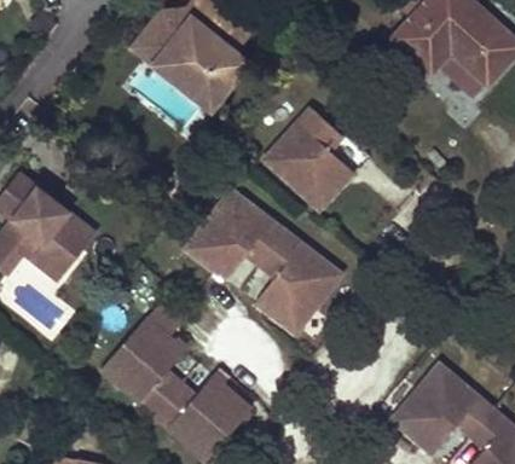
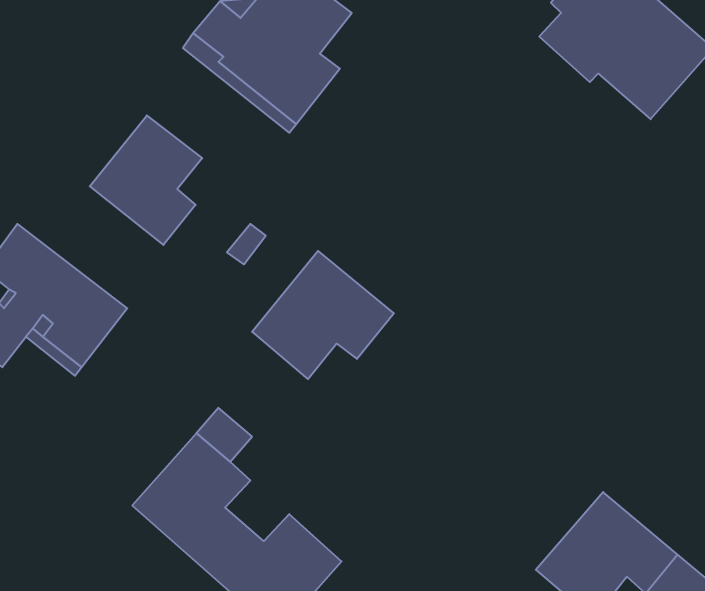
building: none -> [90,115,202,245]
building: [266,104,357,208] -> none
building: [255,234,342,336] -> none

